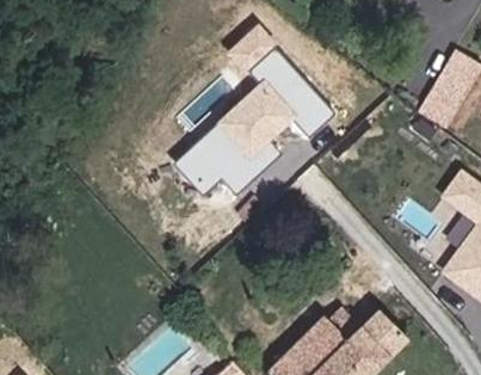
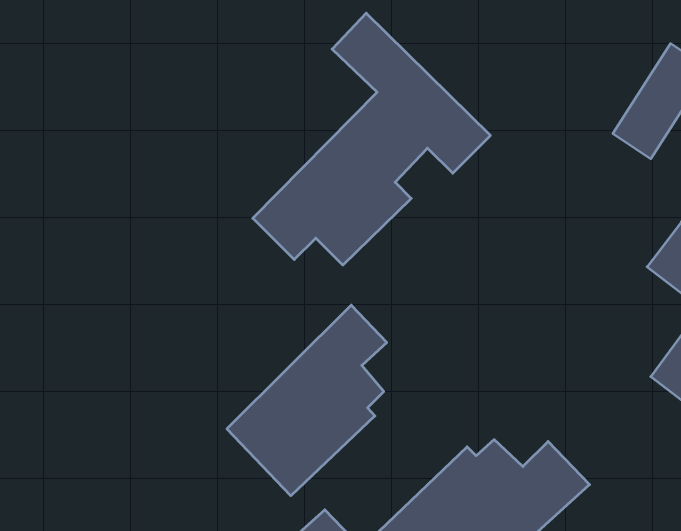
building: none -> [227,305,387,496]

